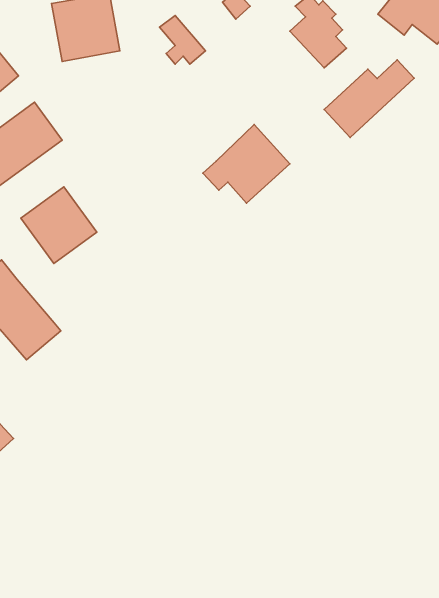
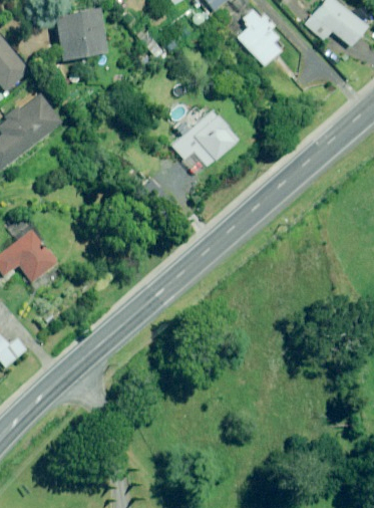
building: [324,60,414,138] -> none
building: [21,187,97,263] -> none

